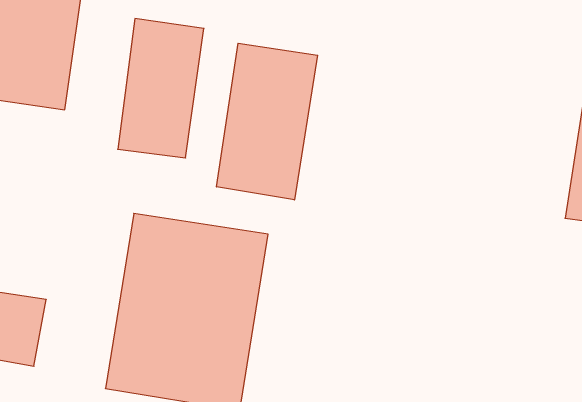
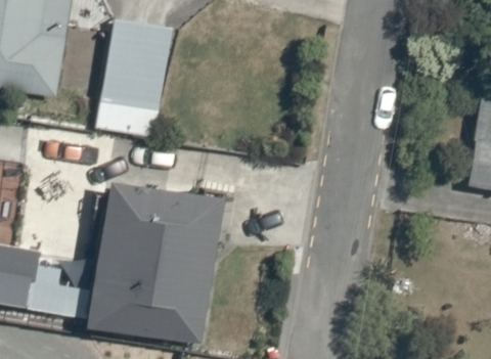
building: [217,43,318,200] -> none

